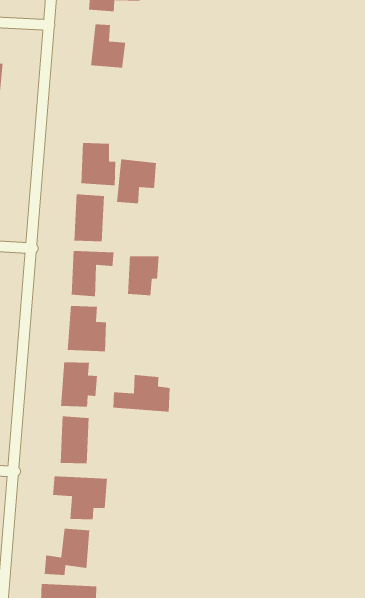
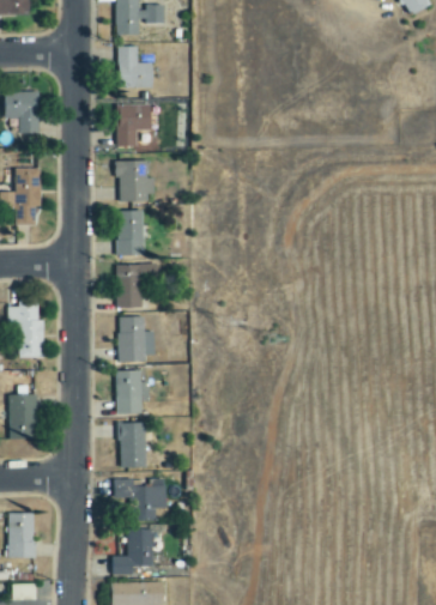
building: [116,159,157,204] -> [115,104,151,146]
building: [127,256,159,296] -> none
building: [113,374,171,412] -> none

